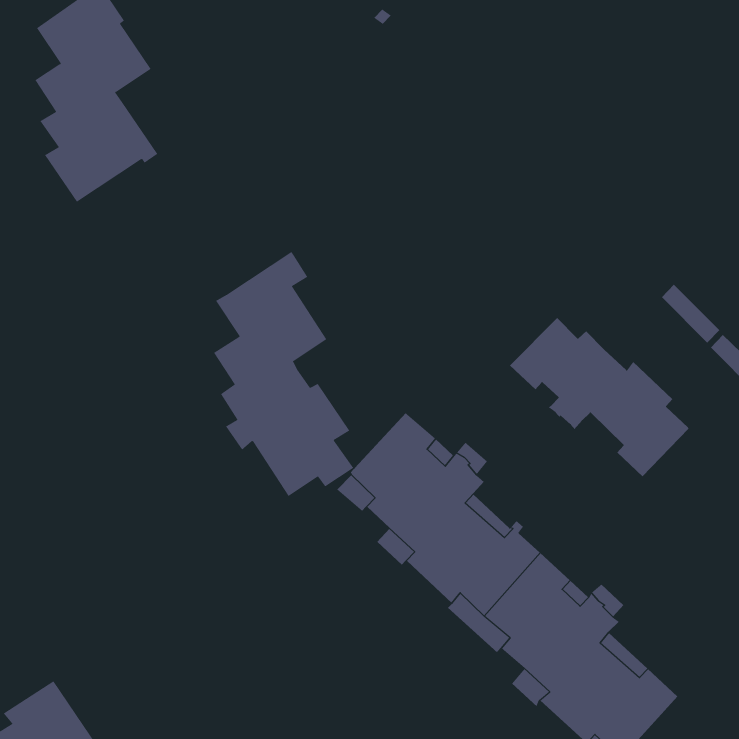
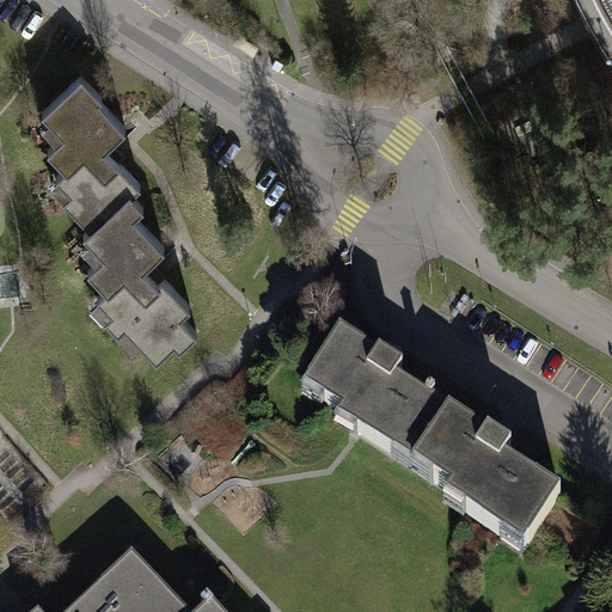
building: [213,251,354,497] -> [81,182,196,350]
building: [509,317,689,477] -> none

